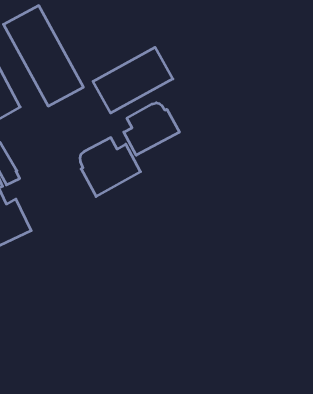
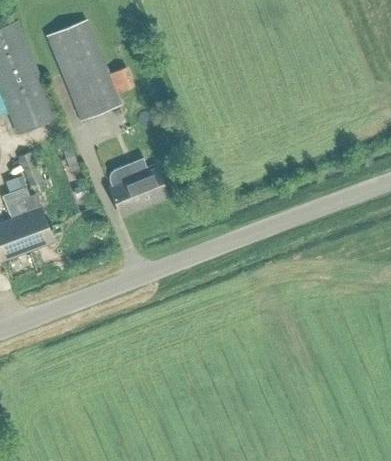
building: [93,47,173,113] -> none
building: [124,103,179,155] -> none

